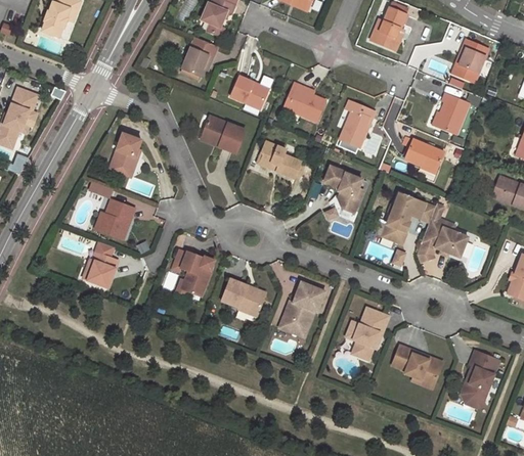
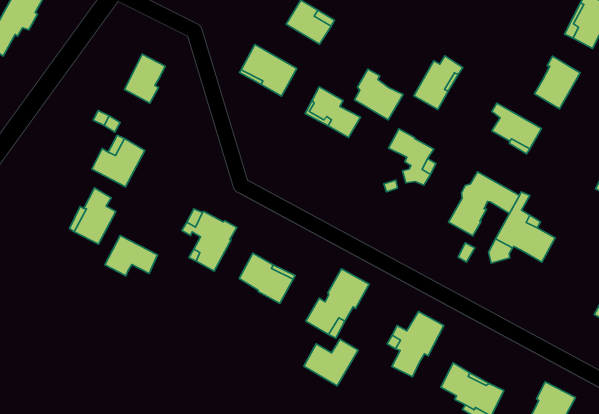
building: [288,82,325,120] -> [355,69,403,120]
building: none -> [105,236,158,276]
building: none -> [304,339,358,386]

